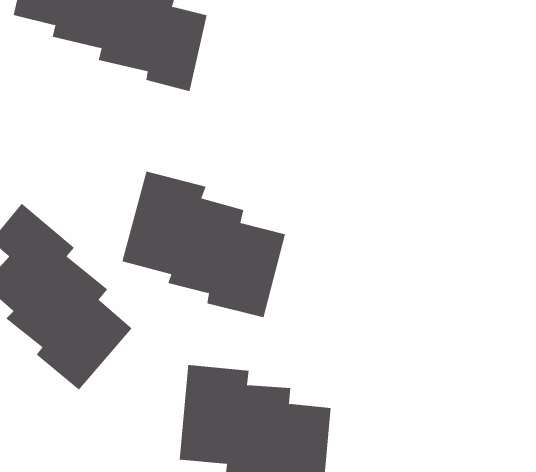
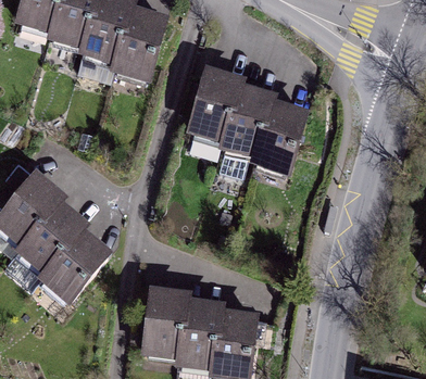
building: [121,171,286,318] -> [185,66,309,177]

